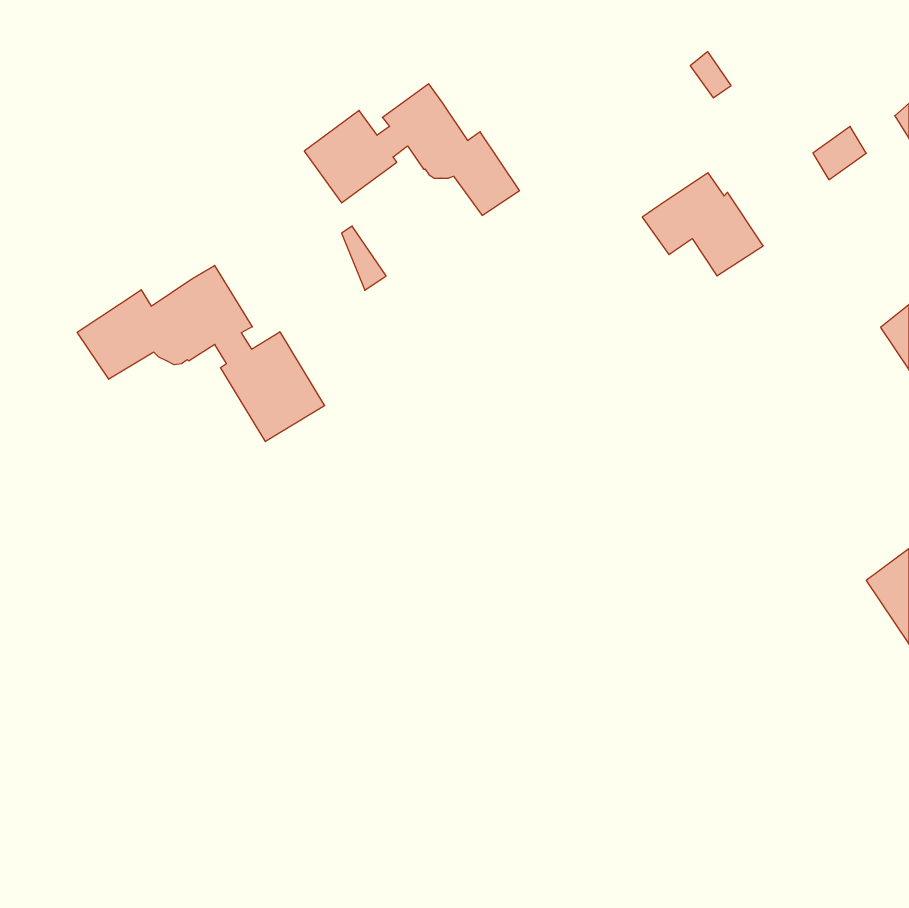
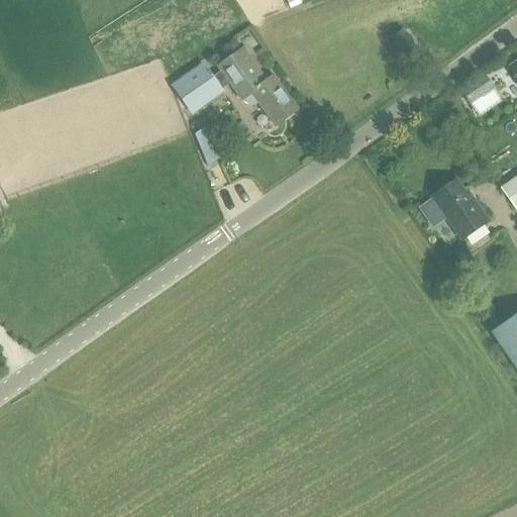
building: [642,173,763,276] -> [419,179,488,237]
building: [77,265,325,442] -> none

